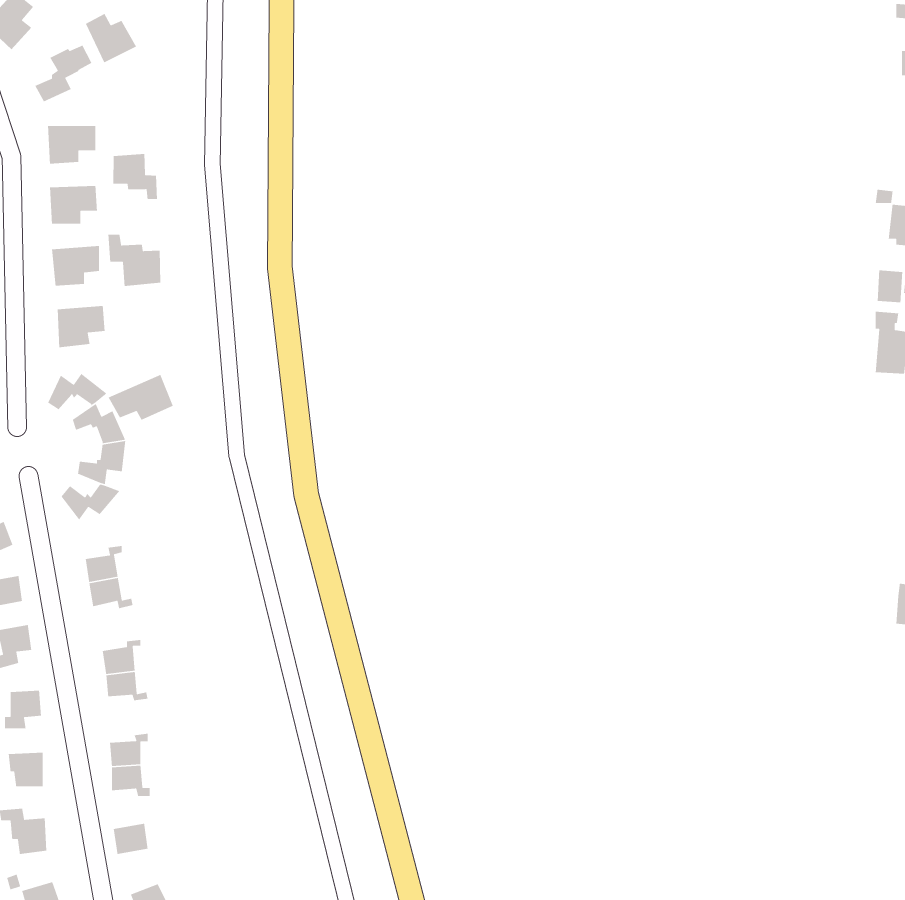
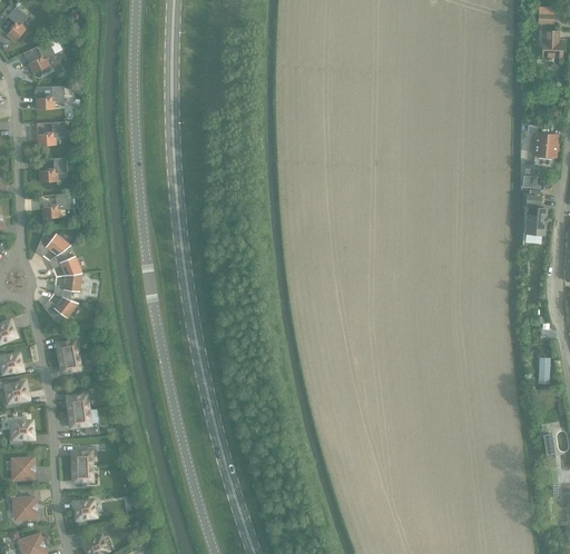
building: [85,13,137,63] -> none
building: [112,153,158,200] -> none
building: [107,234,161,287] -> none
building: [107,374,174,421] -> none

